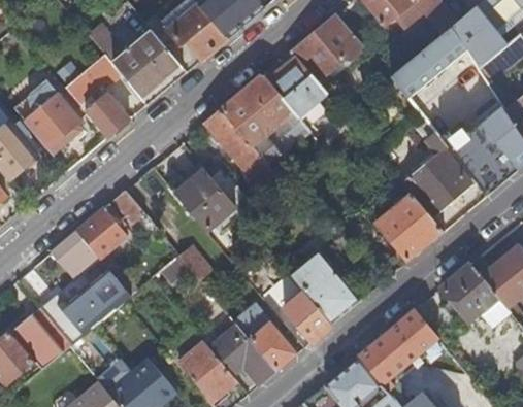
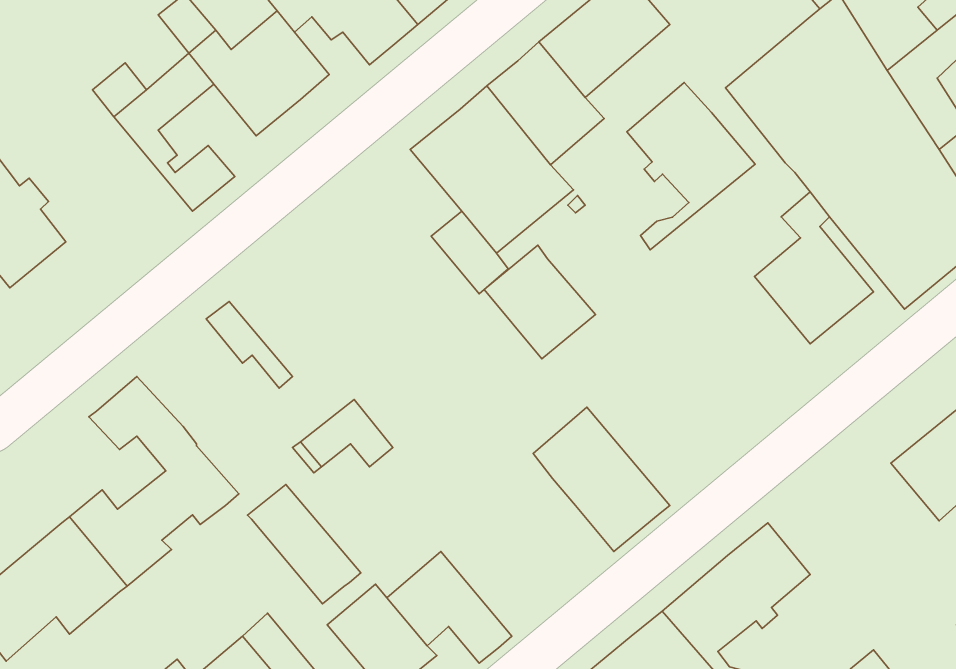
building: none -> [627,82,755,250]
building: [12,83,79,150] -> none
building: [207,109,251,156] -> none
building: [175,170,235,231] -> [484,245,596,359]
building: [375,191,445,261] -> none
building: [76,204,128,258] -> none
building: [440,264,511,336] -> none
building: [283,285,332,342] -> none
building: [237,306,298,370] -> [248,484,361,604]

